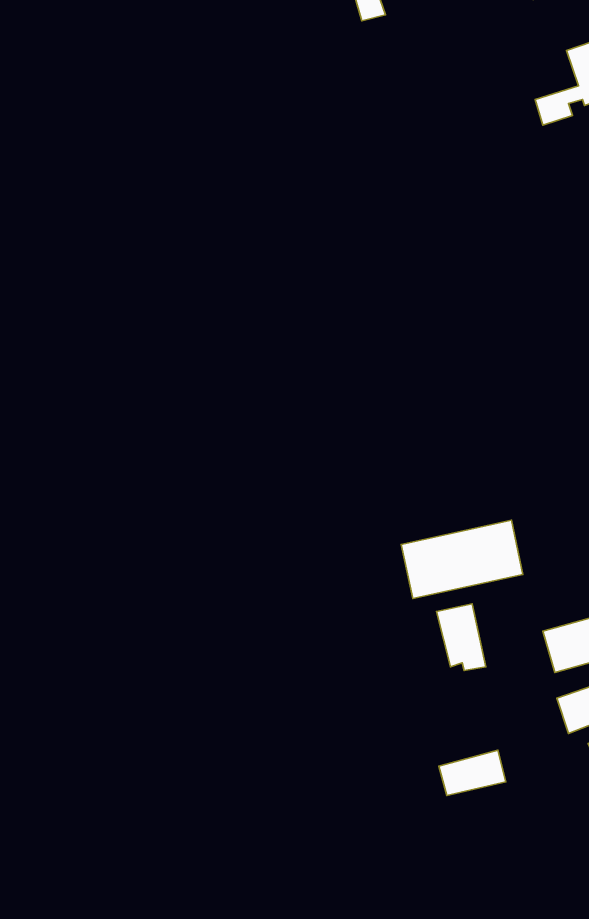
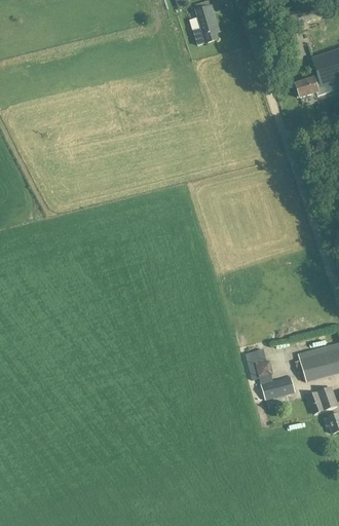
building: [401,520,523,598] -> none
building: [439,750,506,796] -> [259,376,294,400]

